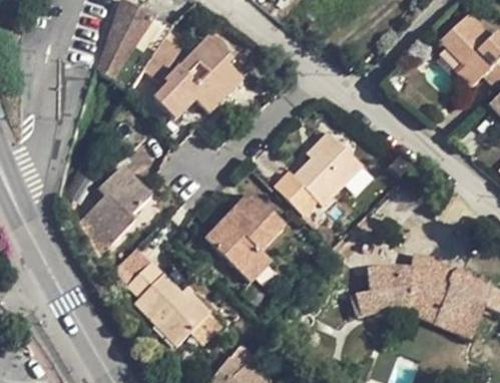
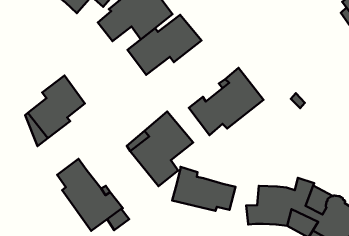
building: none -> [128,15,201,75]
building: none -> [172,167,236,211]

